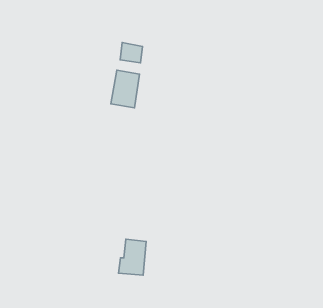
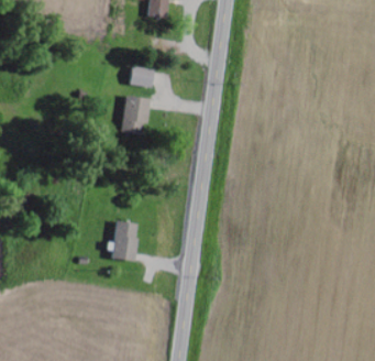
building: [119,239,146,275] -> [109,221,139,260]

